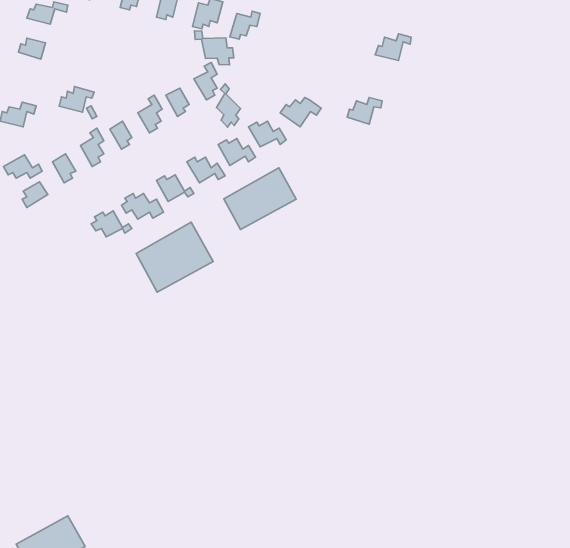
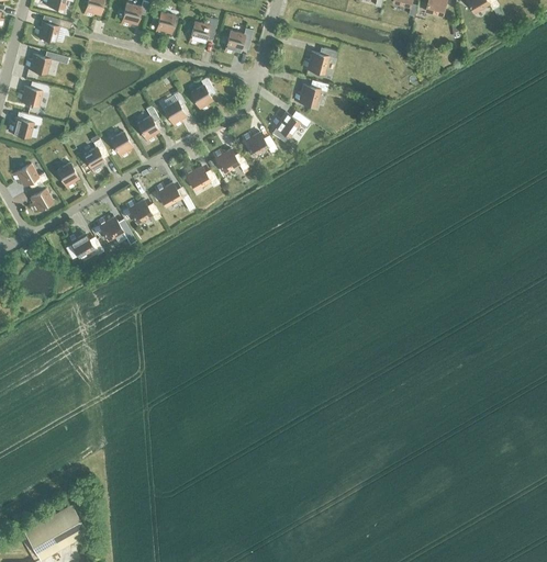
building: [195,31,234,65] -> none
building: [375,34,411,61] -> [302,48,336,74]
building: [216,84,240,127] -> none
building: [59,86,94,112] -> [16,81,49,105]
building: [347,97,382,124] -> [294,81,327,106]
building: [224,168,296,230] -> none
building: [136,222,213,292] -> none
building: none -> [68,233,103,258]

